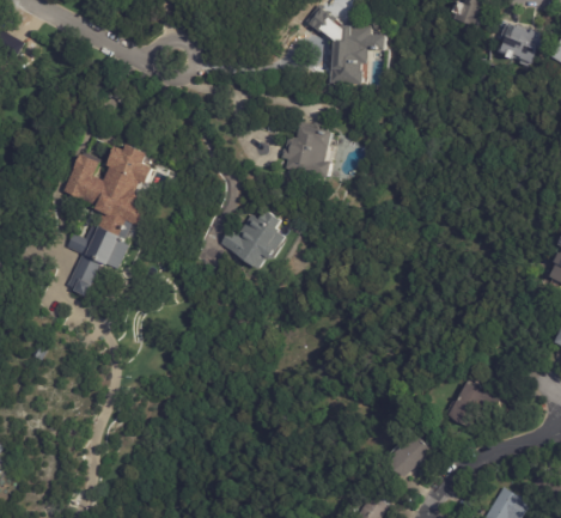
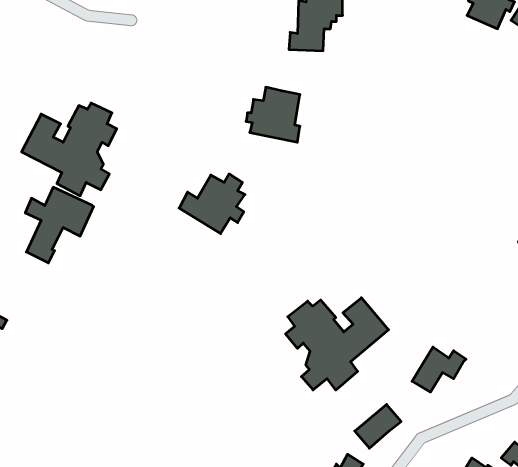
building: none -> [286,298,389,390]

